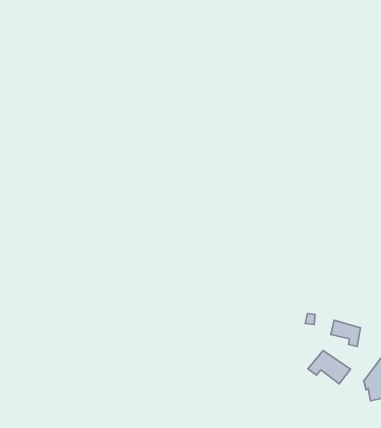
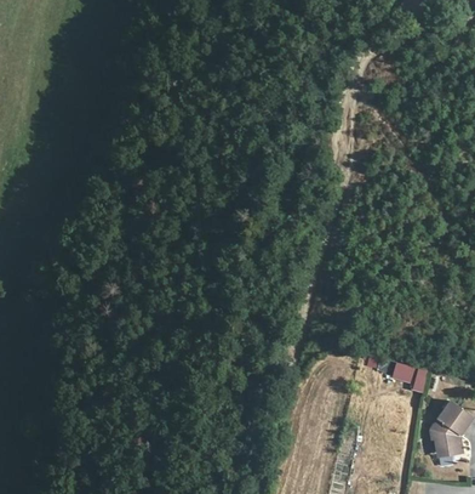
building: [308,351,350,384] -> none

